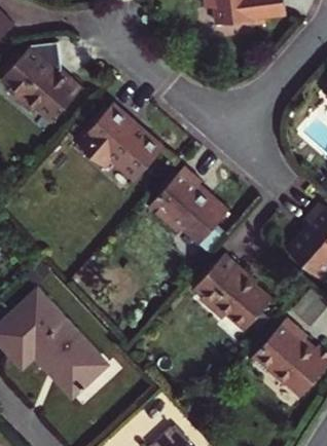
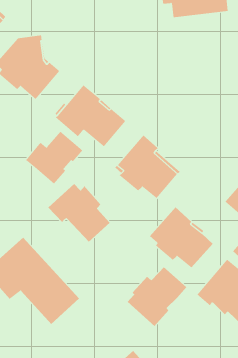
building: none -> [25,131,83,185]
building: none -> [48,183,110,243]
building: none -> [127,267,187,327]

